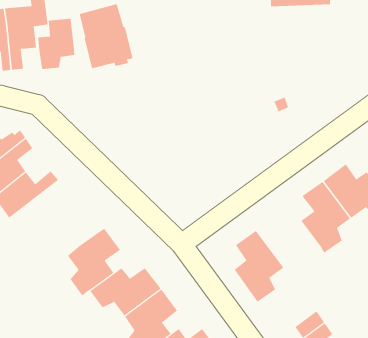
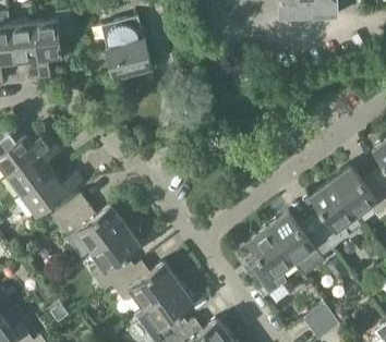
building: [37,18,75,70] -> none
building: none -> [50,193,125,252]
building: none -> [267,212,330,262]

